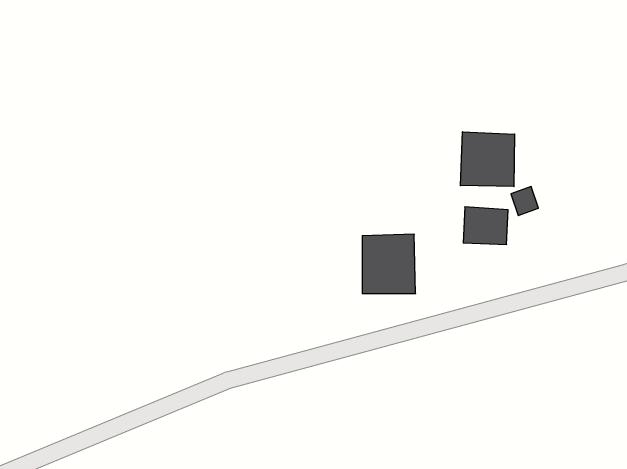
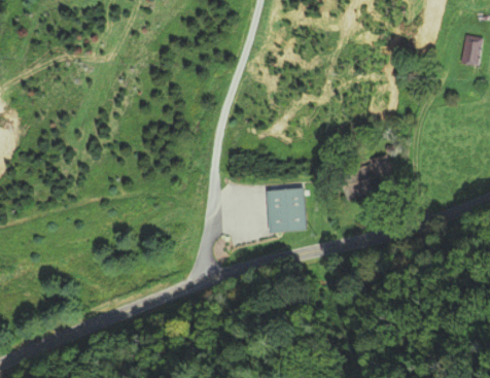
building: [460,132,515,187] -> none

